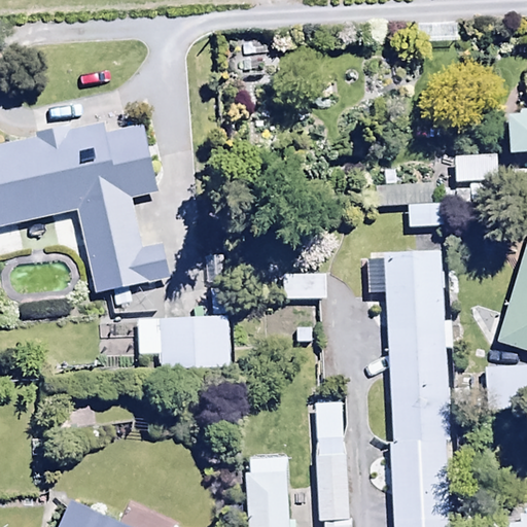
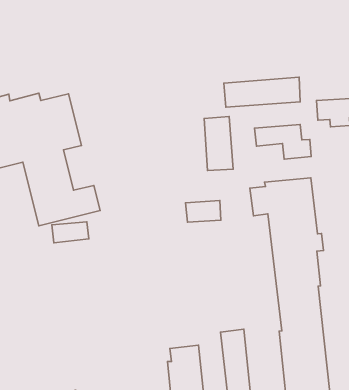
building: none -> [224,77,300,107]
building: none -> [204,116,233,171]
building: [137,316,230,368] -> none

